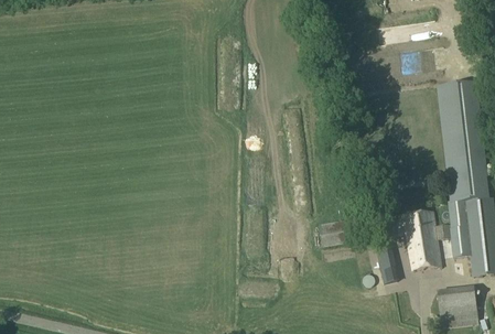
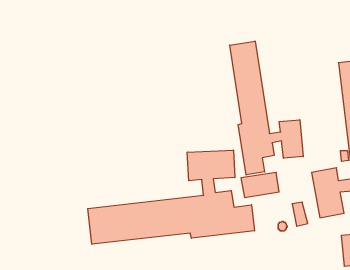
building: none -> [230,41,303,175]
building: none -> [88,150,254,244]

